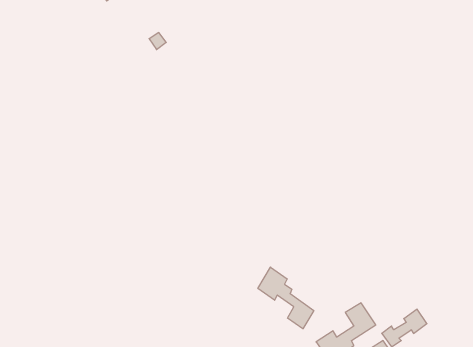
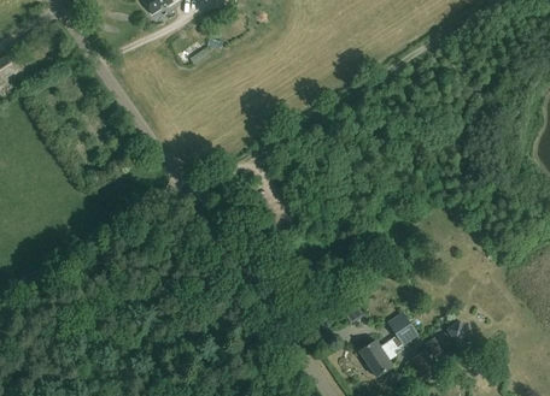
building: [258,267,314,329] -> none

